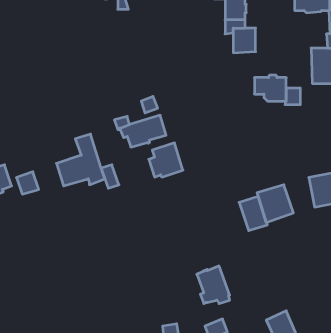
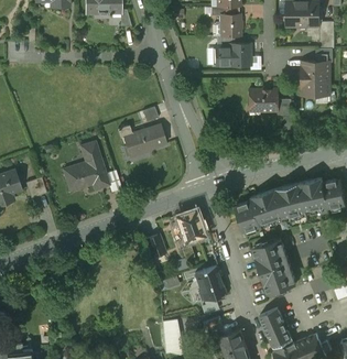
building: [149,143,183,177] -> [172,210,204,242]
building: none -> [275,184,305,219]
building: none -> [252,241,294,294]

